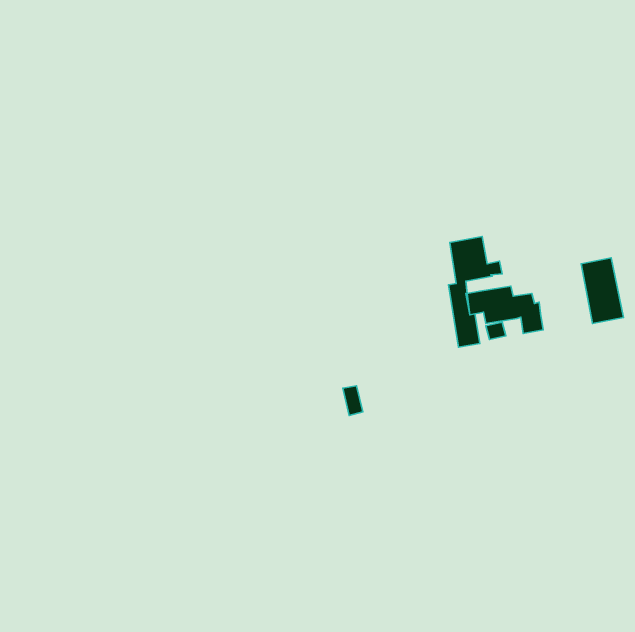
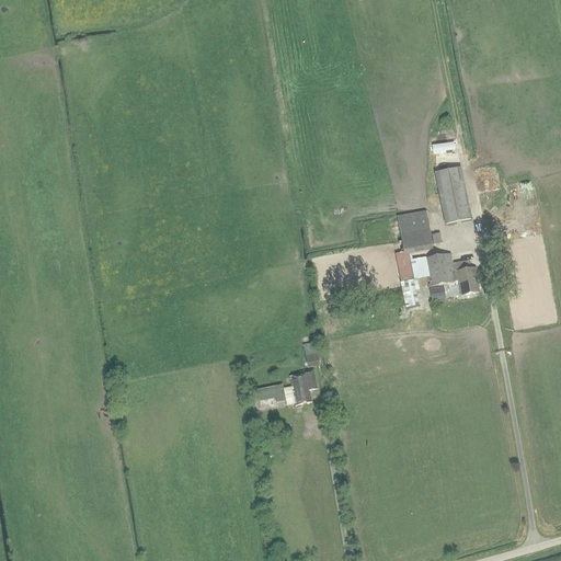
building: [581,258,624,324] -> [435,165,472,224]
building: none -> [257,368,317,403]

